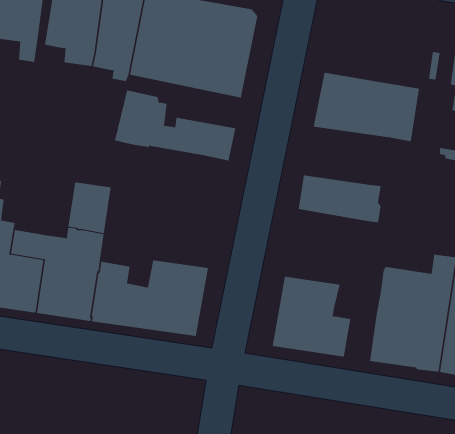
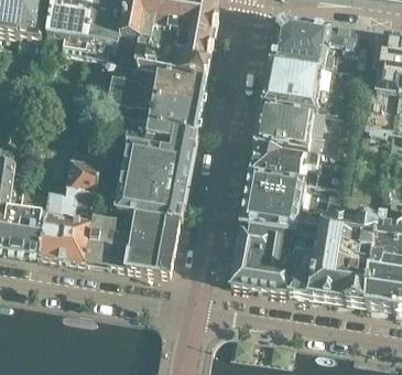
building: none -> [270,19,358,71]
building: none -> [113,64,206,107]
building: none -> [256,106,325,152]
building: none -> [113,121,196,219]
building: none -> [240,172,319,238]
building: none -> [289,246,314,294]

